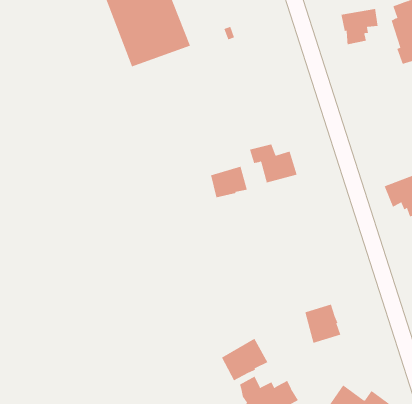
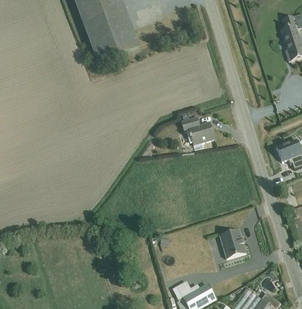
building: [341,8,378,45] -> none
building: [210,166,248,198] -> none
building: [221,338,268,381] -> none

